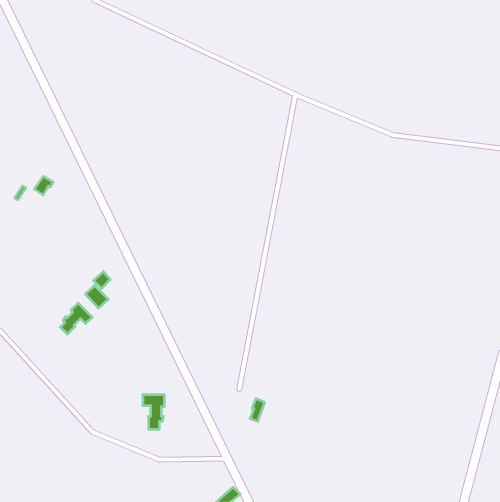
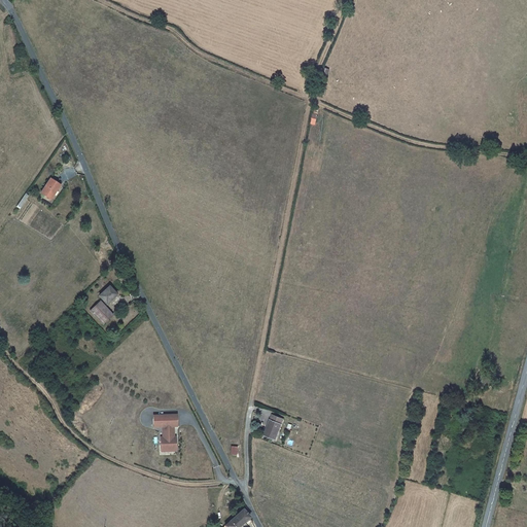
building: [60,303,92,334] -> none

